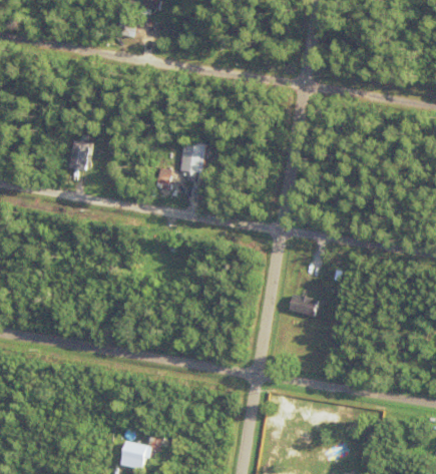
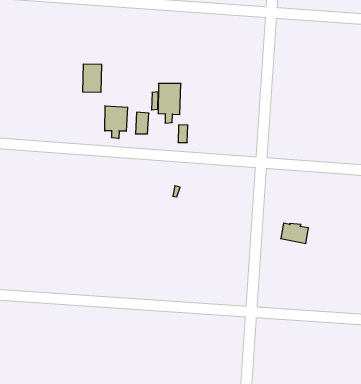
building: [67,140,88,169] -> [83,64,102,92]
building: none -> [105,106,128,139]

